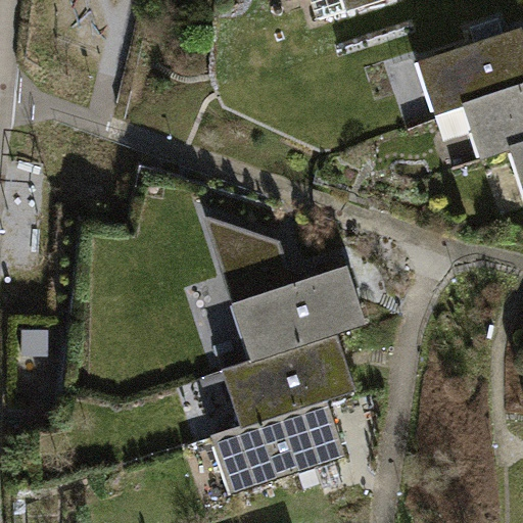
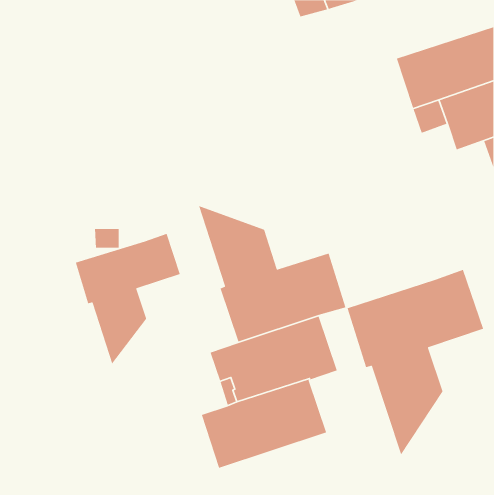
building: none -> [75,233,181,365]
building: none -> [346,269,484,456]

